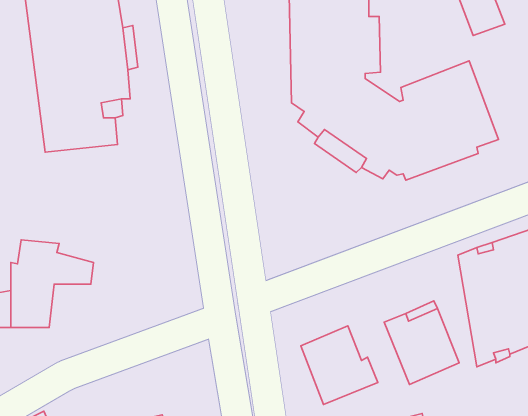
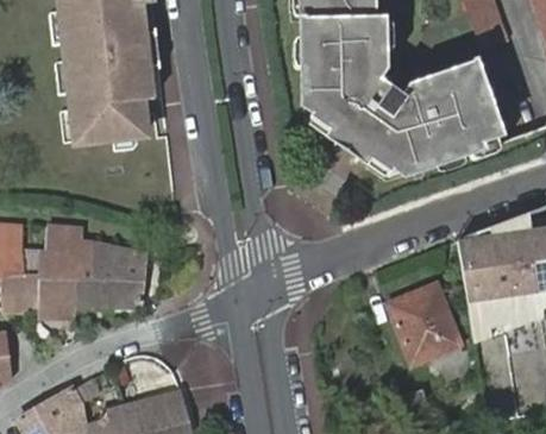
building: none -> [75,249,144,309]
building: [301,326,378,404] -> none

